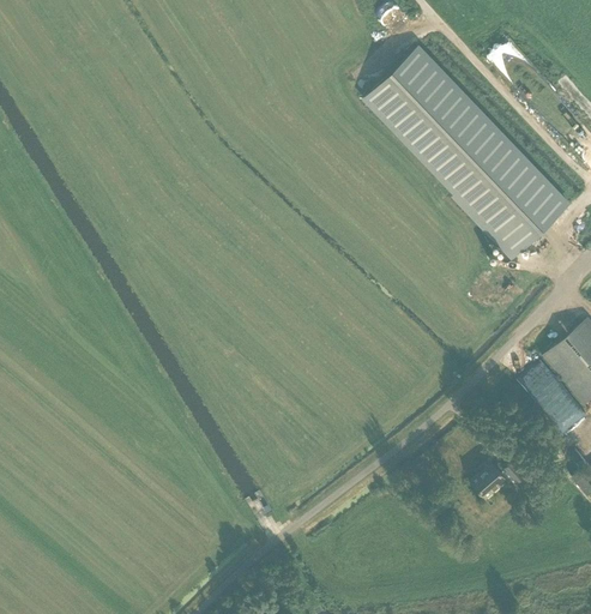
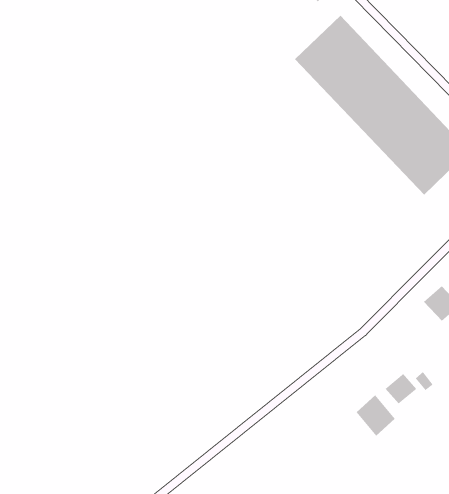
building: none -> [356,395,396,436]

